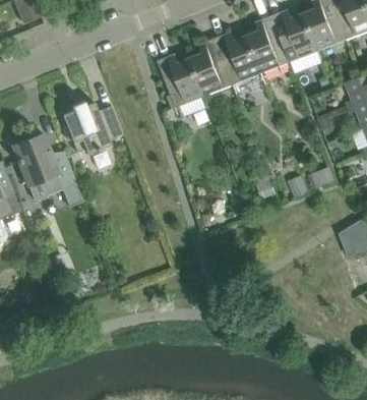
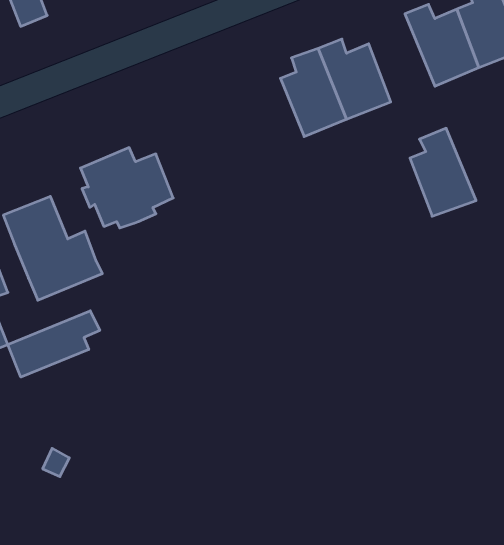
building: [248,15,291,72] -> [410,128,476,216]
building: [157,54,206,109] -> none
building: none -> [8,311,100,377]

